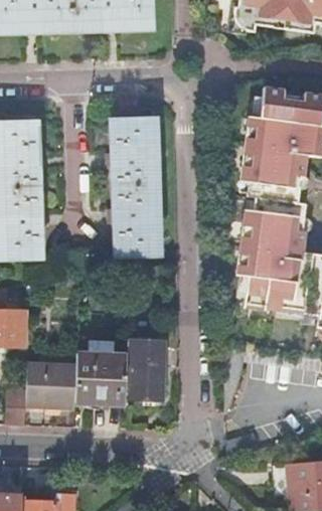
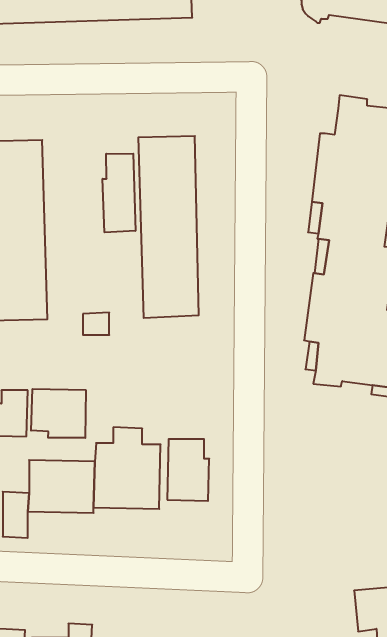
building: none -> [103,154,135,232]
building: none -> [31,389,86,438]

